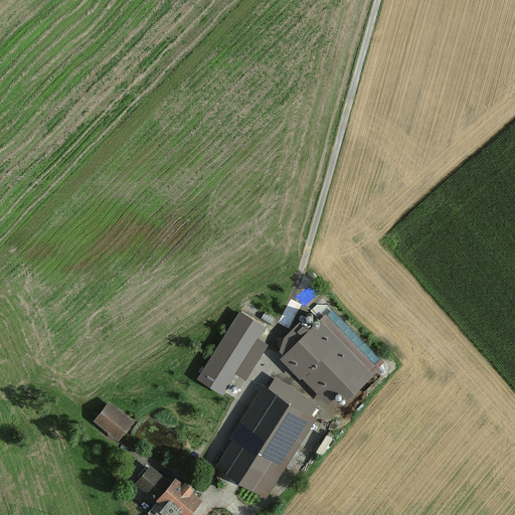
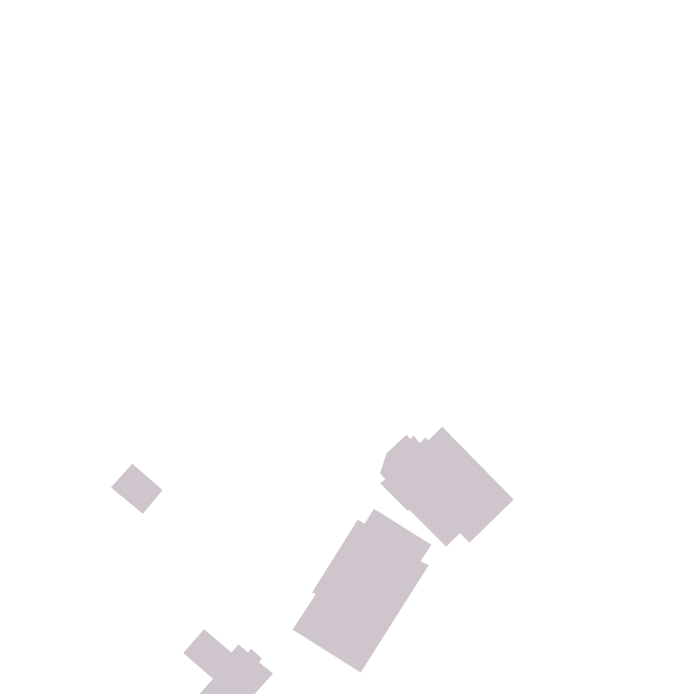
building: [200,315,267,392] -> none
building: [93,403,132,442] -> [110,463,164,515]

